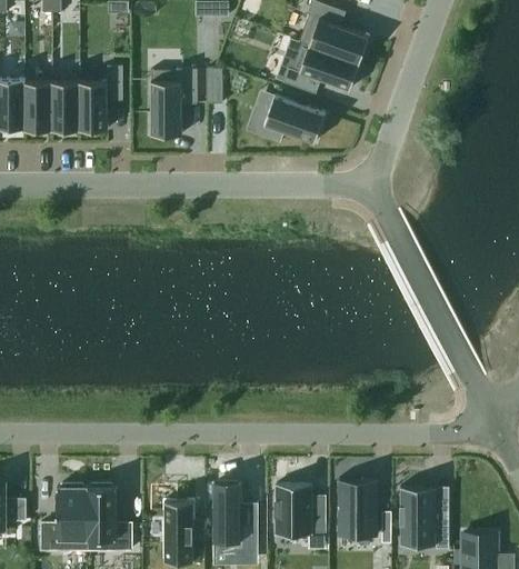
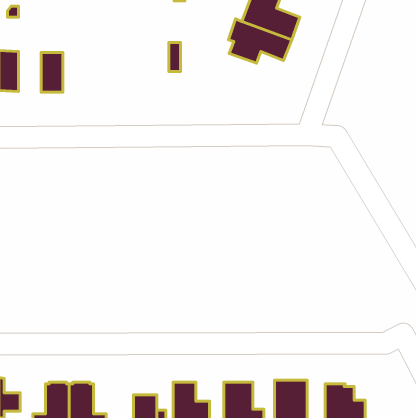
building: [78,66,122,129] -> none
building: [150,68,197,134] -> none
building: [23,78,51,129] -> none
building: [263,96,325,142] -> none

